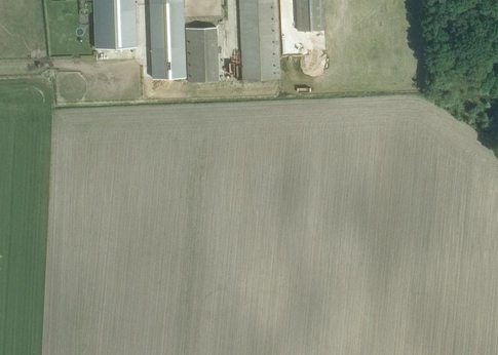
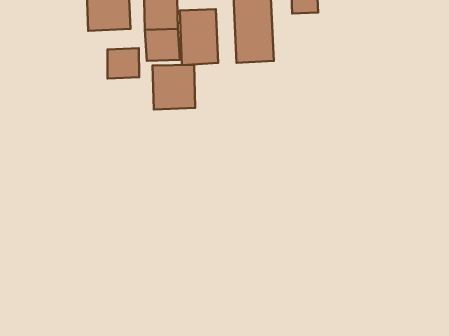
building: none -> [107,48,139,79]
building: none -> [153,65,195,109]

